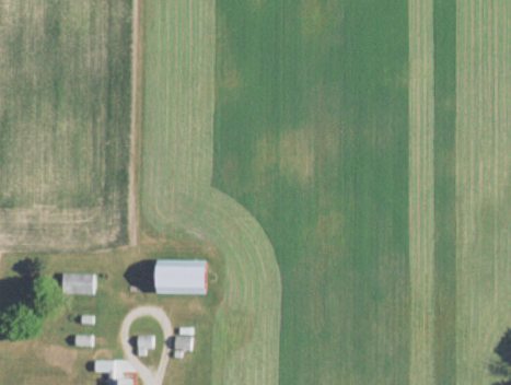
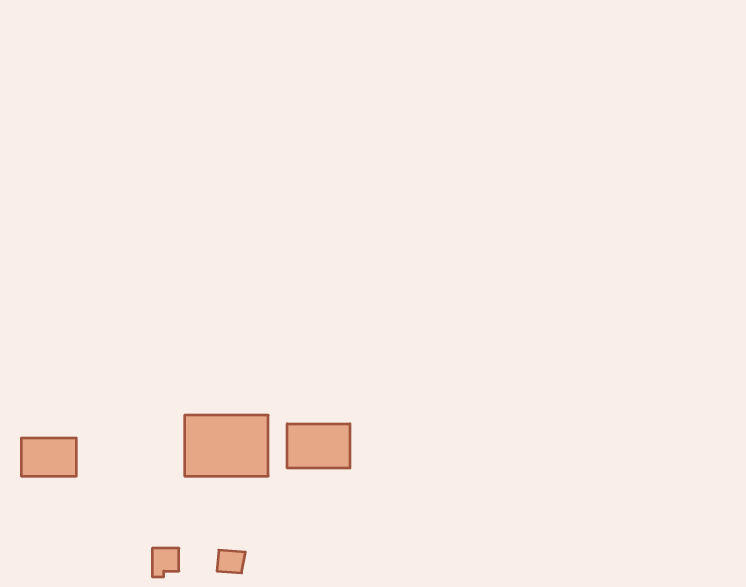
building: none -> [287,424,350,468]

